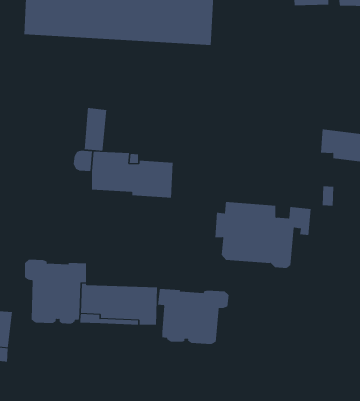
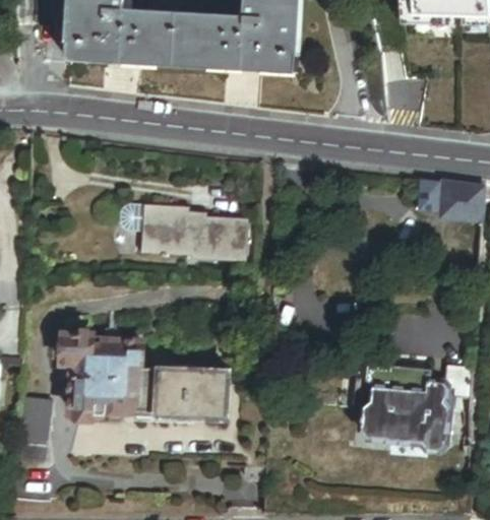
building: [84,107,107,151] -> none
building: [214,202,312,268] -> [353,364,473,446]
building: [157,288,229,345] -> none

